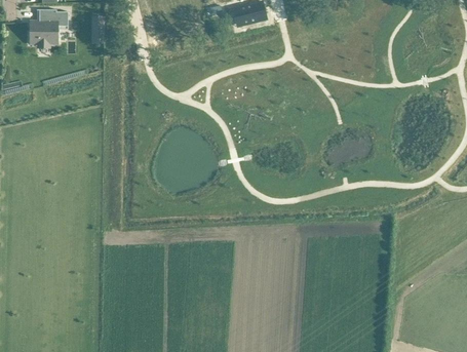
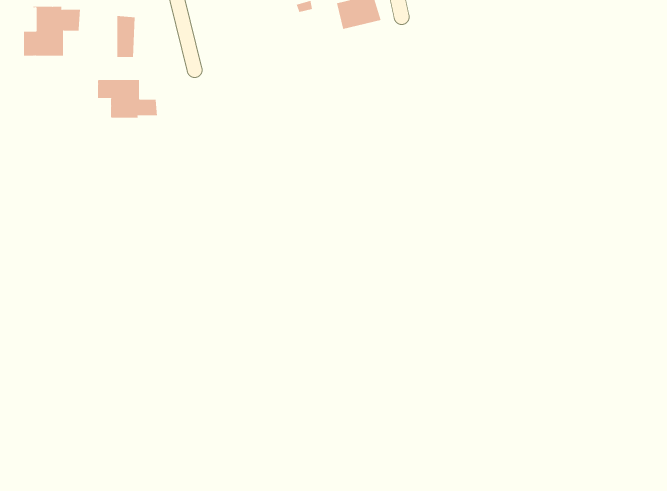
building: none -> [98,79,157,118]

